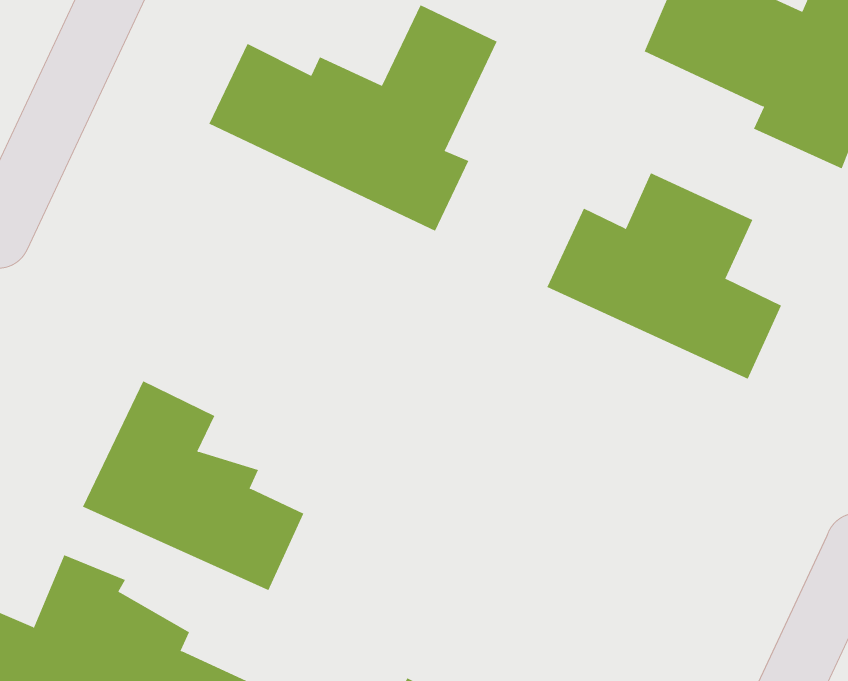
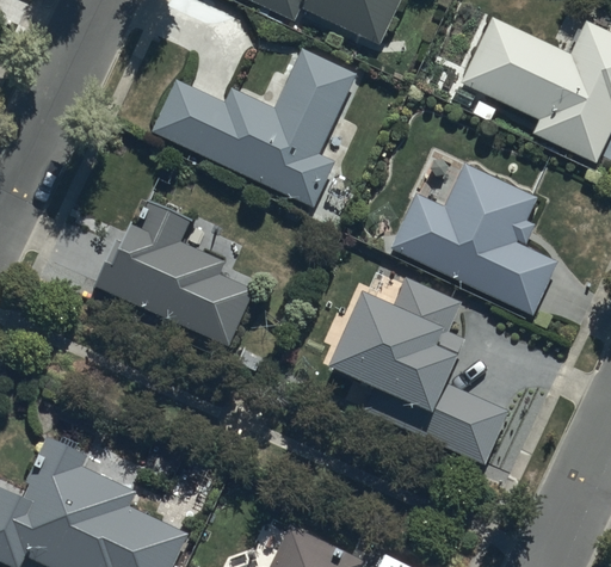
building: none -> [329,276,512,467]
building: [82,381,304,591] -> [97,198,254,347]

